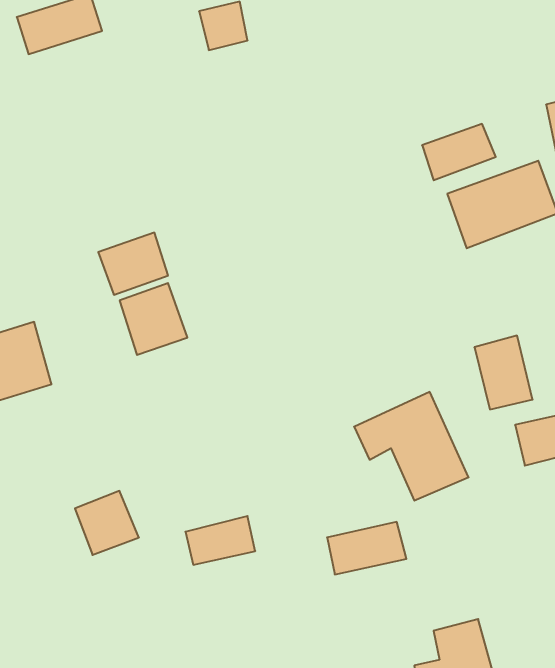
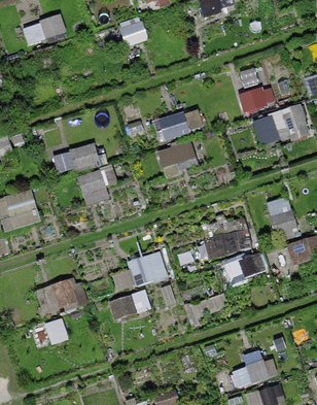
building: none -> [158,109,202,139]
building: none -> [158,142,197,175]
building: none -> [128,250,168,286]

